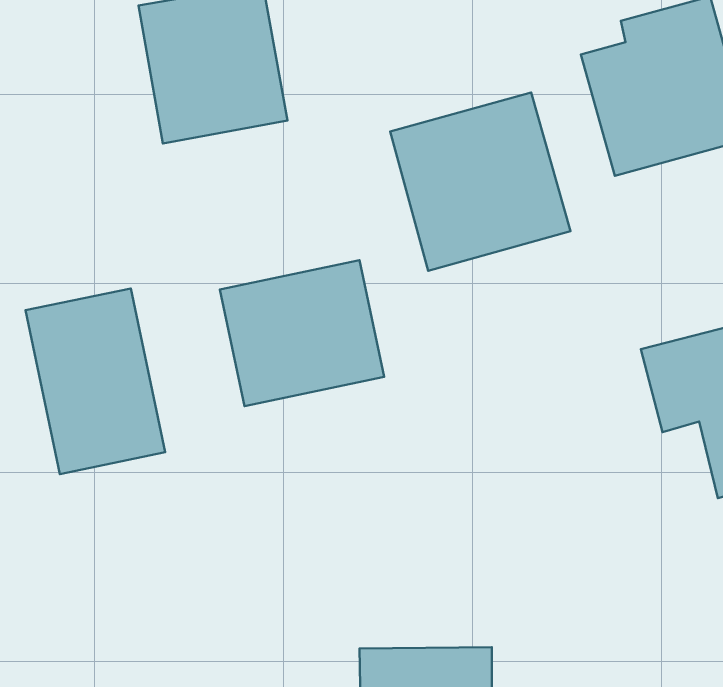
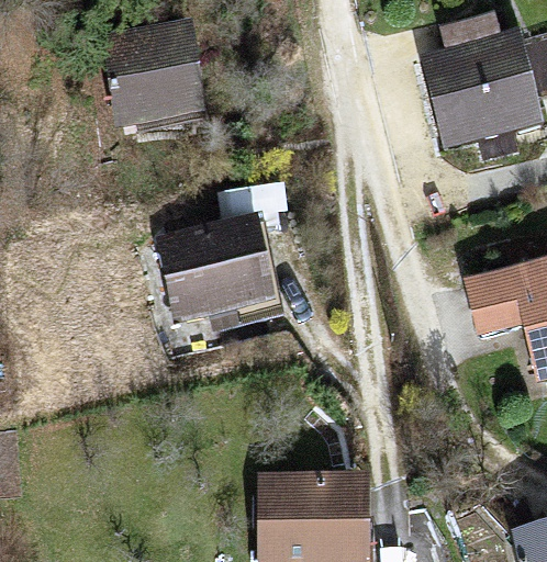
building: [390,93,570,271] -> none
building: [26,288,165,474] -> none

